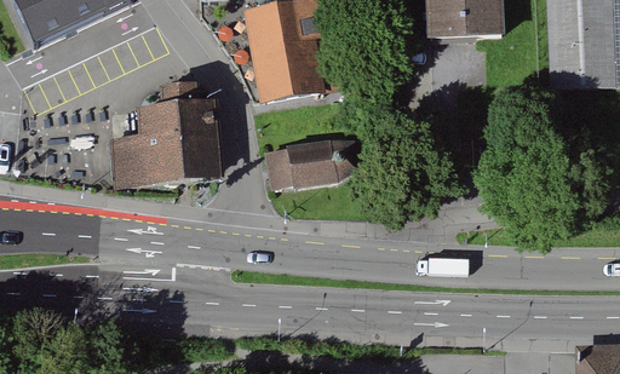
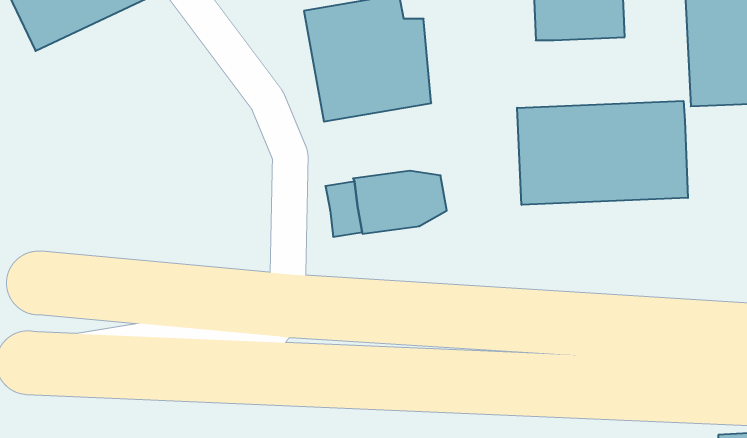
building: none -> [517,101,688,205]
building: [113,85,222,177] -> none

